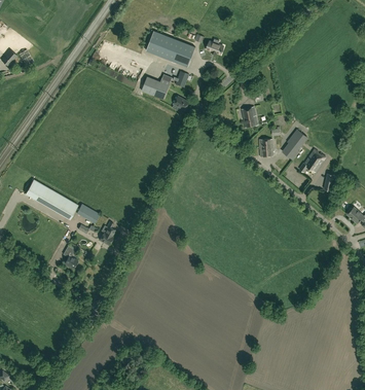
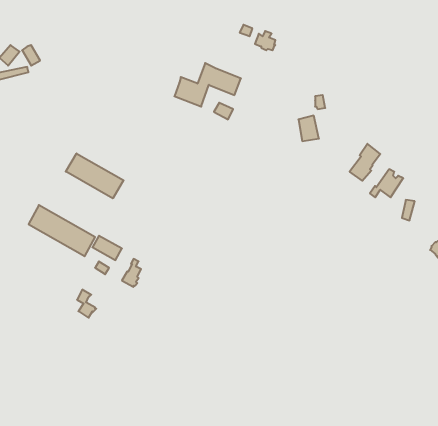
building: [146,31,195,66] -> none
building: none -> [66,153,124,198]

